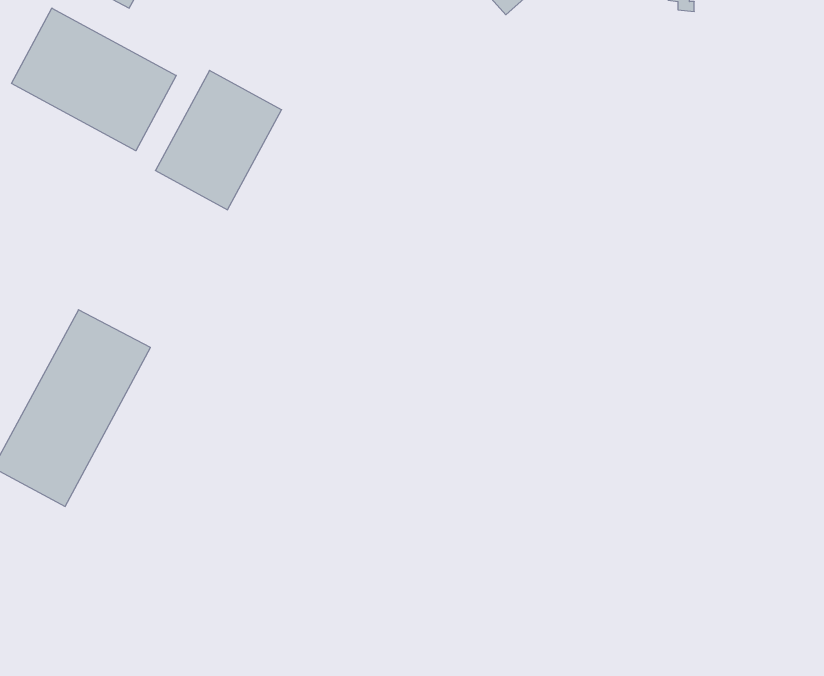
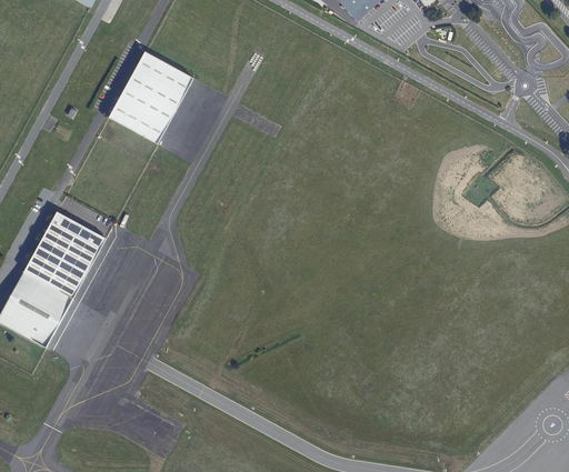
building: [12,8,176,151] -> none

